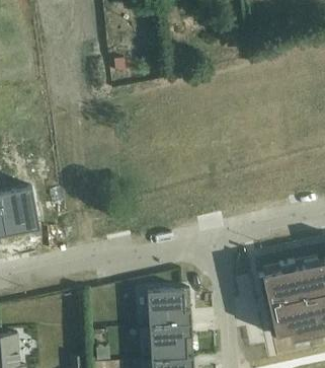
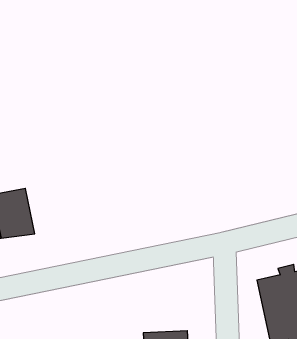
building: [146,289,190,325] -> none

